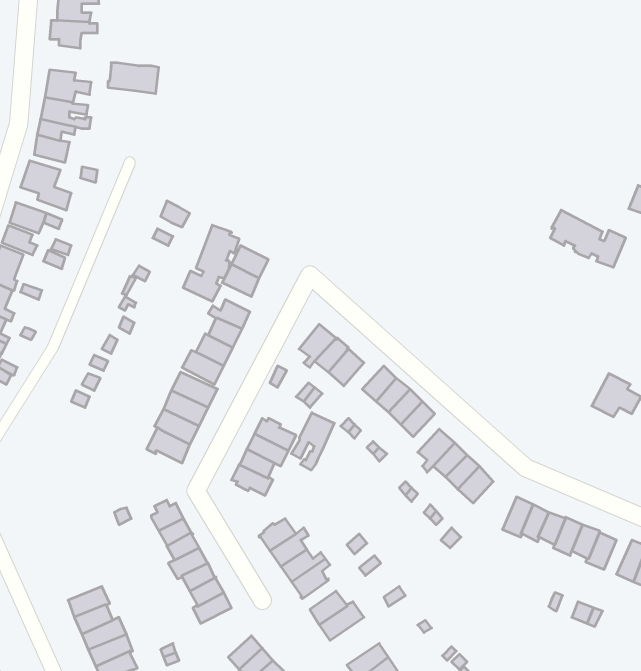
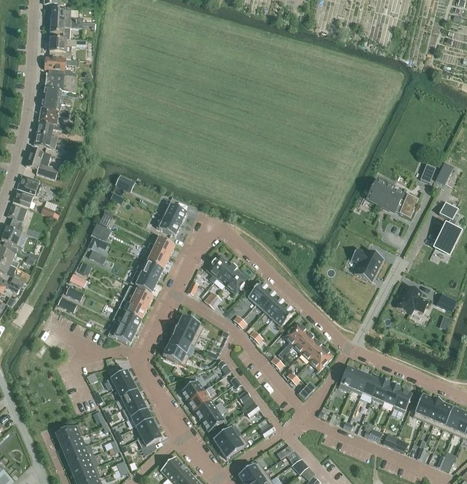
building: [108,63,159,94] -> [44,73,77,93]
building: [183,225,239,301] -> none
building: none -> [350,247,384,282]
building: [291,413,334,470] -> none

